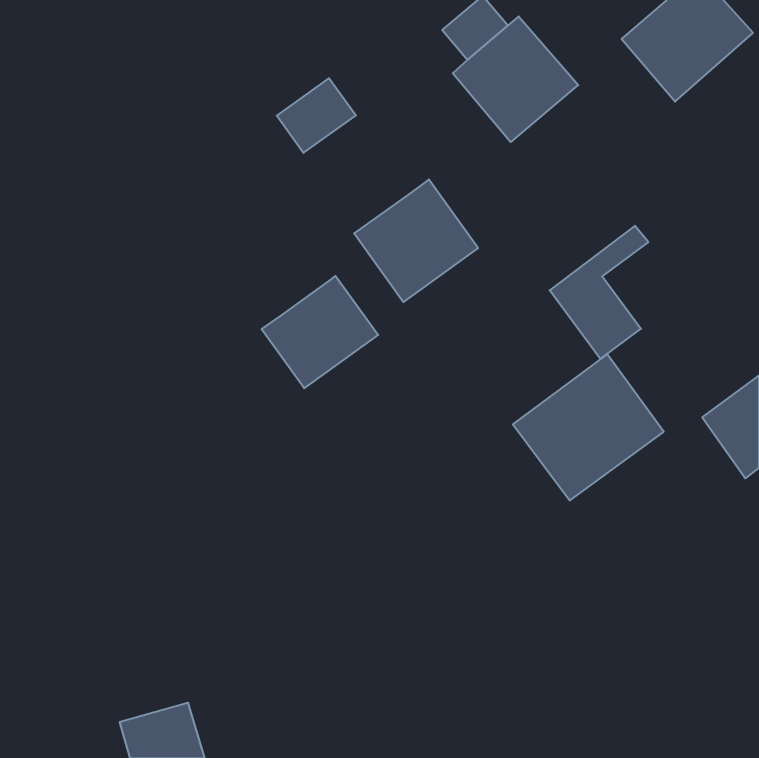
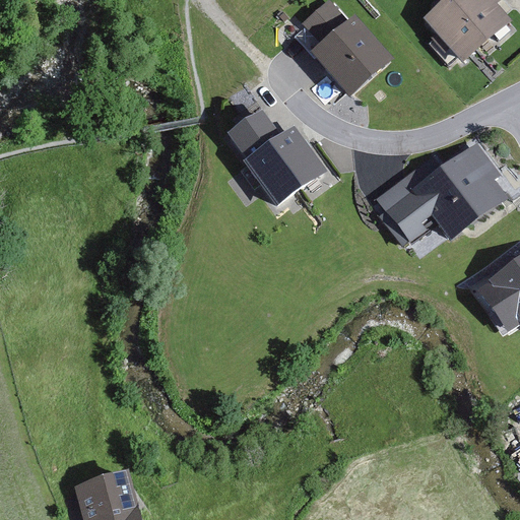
building: [277,78,356,153] -> [225,106,279,156]
building: [262,276,378,388] -> none
building: [513,354,664,501] -> [409,140,512,240]

